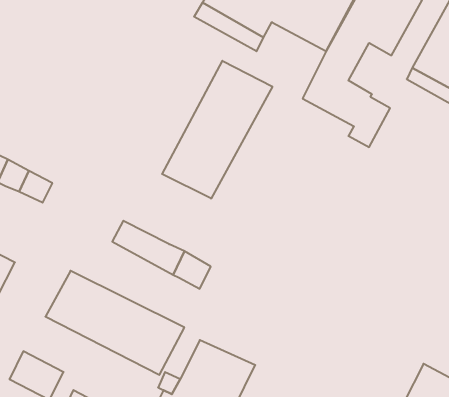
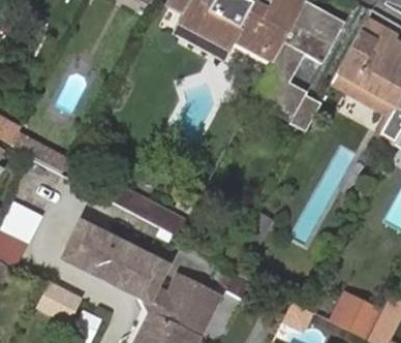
building: [162,61,272,199] -> none

